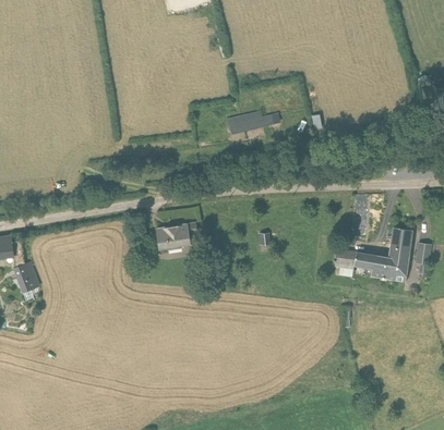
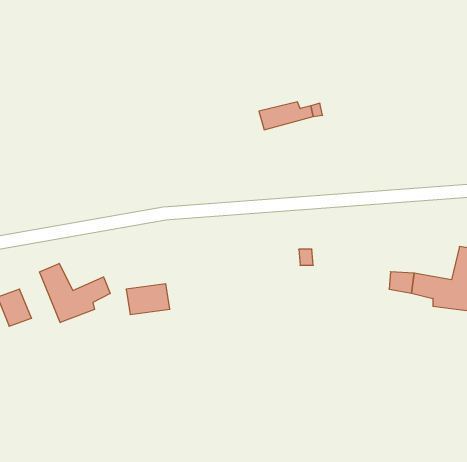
building: [155,223,191,248] -> [126,284,170,314]
building: none -> [39,263,110,323]

